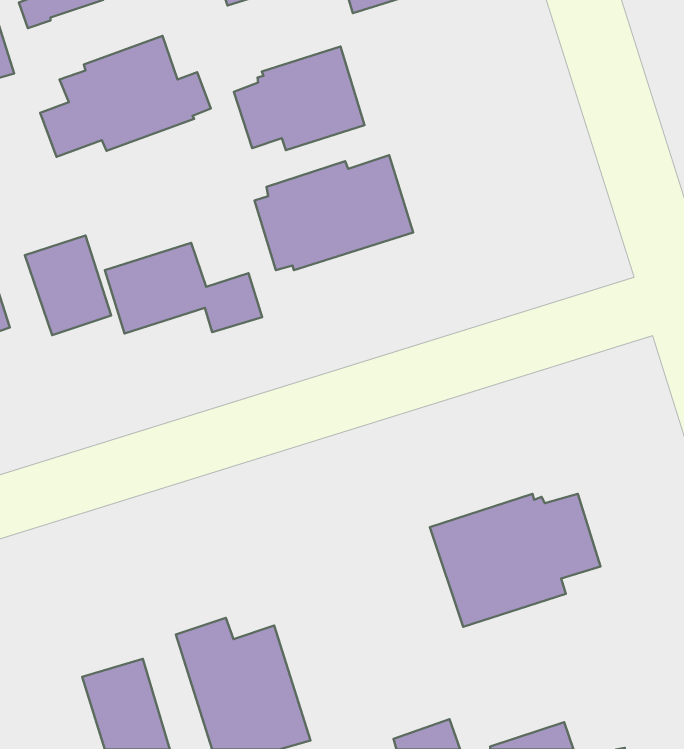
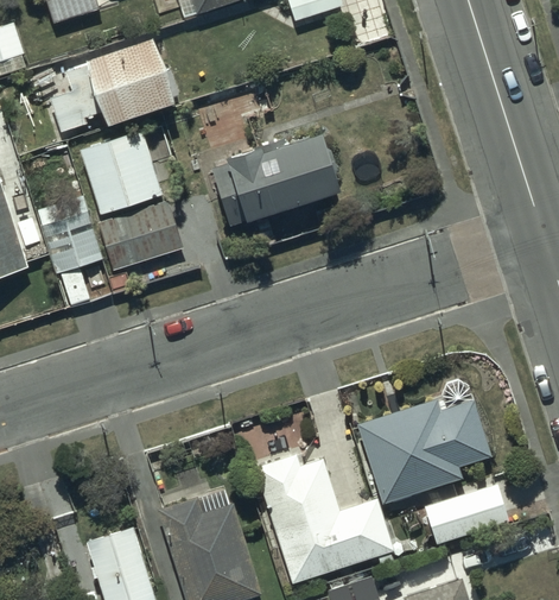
building: [234,47,364,150] -> none
building: none -> [78,131,161,215]
building: none -> [248,454,394,581]
building: none -> [425,482,510,544]

